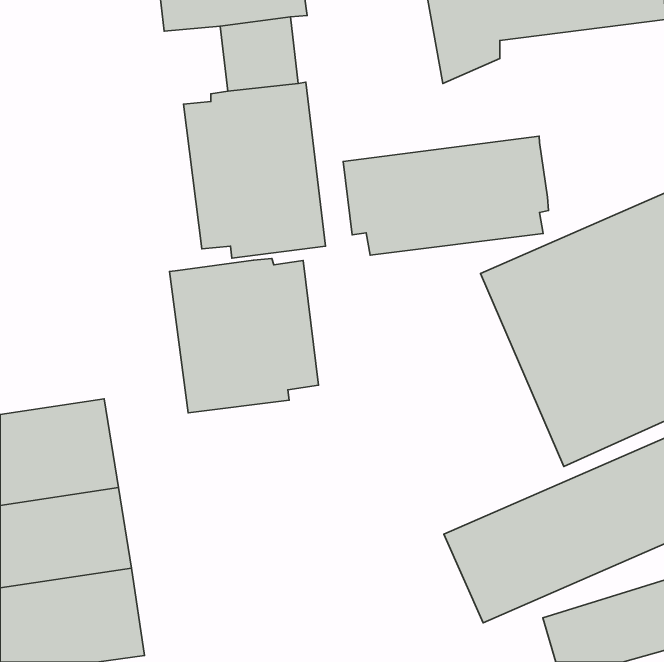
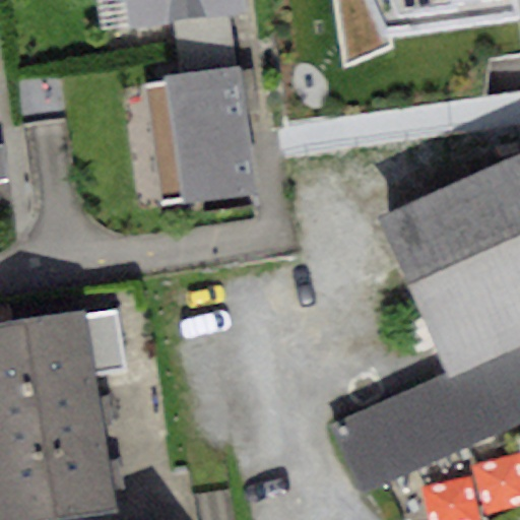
building: [343,136,549,255] -> none
building: [169,258,319,413] -> none

